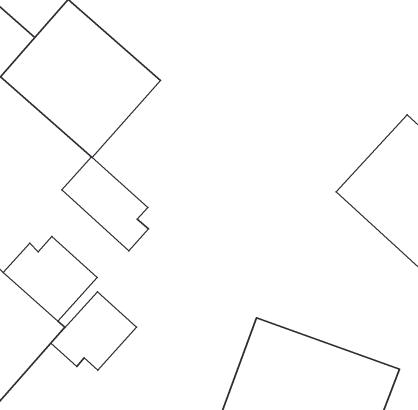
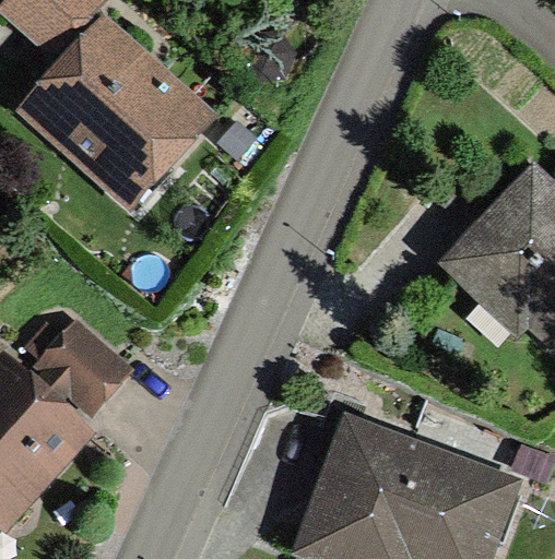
building: [62,157,149,251] -> none
building: [51,292,136,370] -> none

